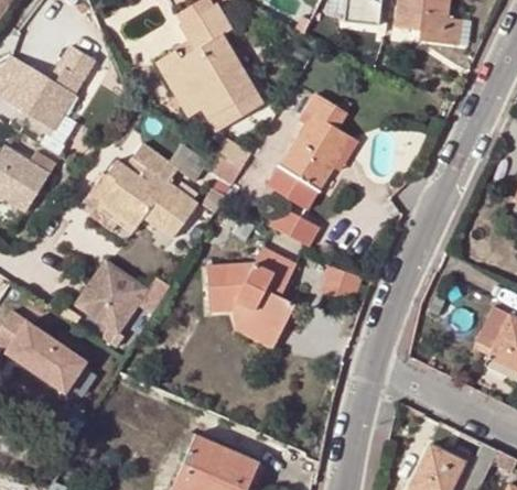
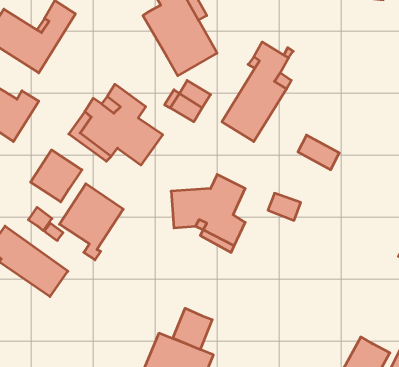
building: [155,51,202,119] -> none
building: [269,208,317,249] -> [298,135,339,170]
building: none -> [31,150,82,202]
building: none -> [173,308,212,350]

